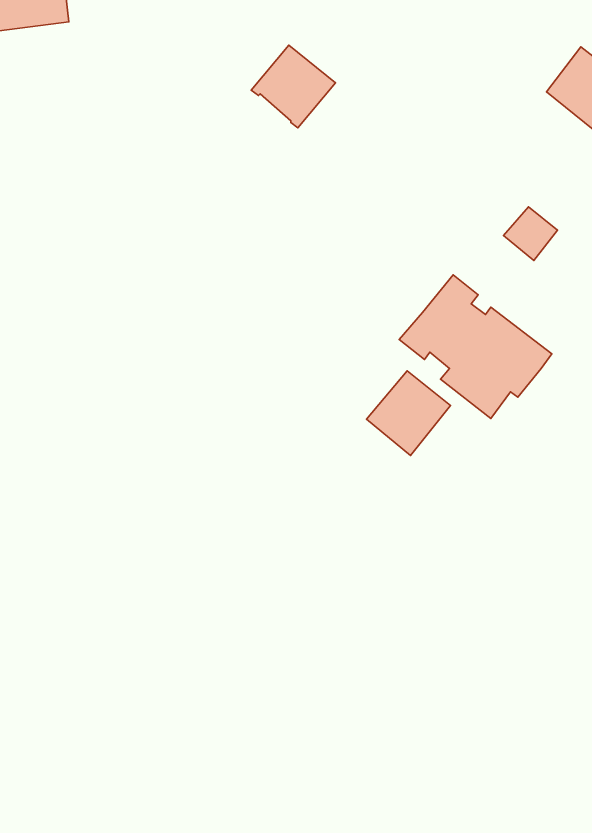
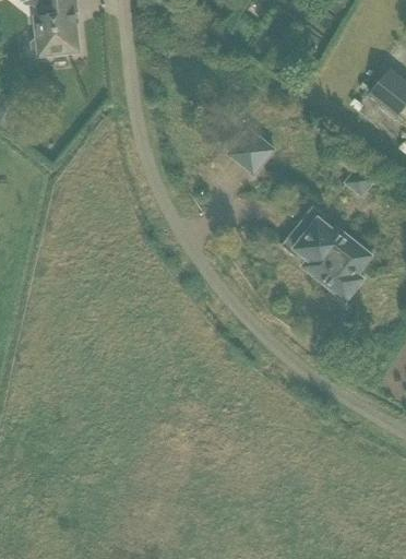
building: [251,45,336,128] -> [225,128,276,178]
building: [367,371,451,456] -> none

